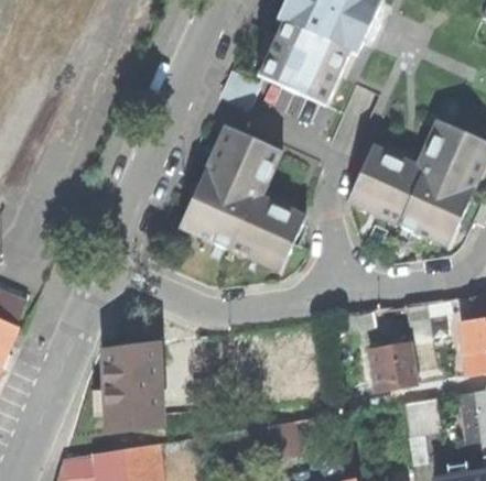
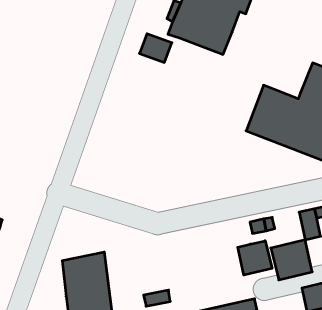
building: [180,124,305,271] -> none
building: none -> [238,241,272,275]

